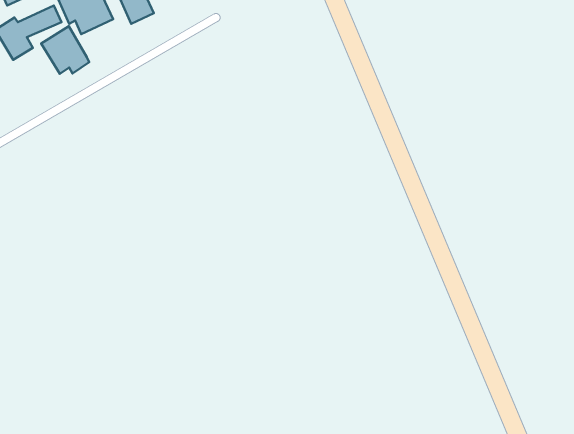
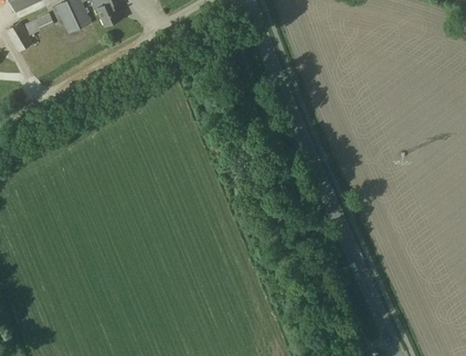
building: [41,26,89,74] -> none

